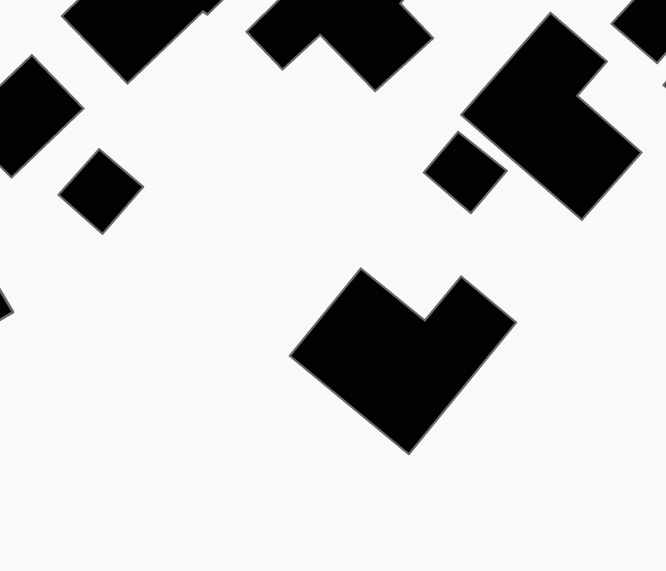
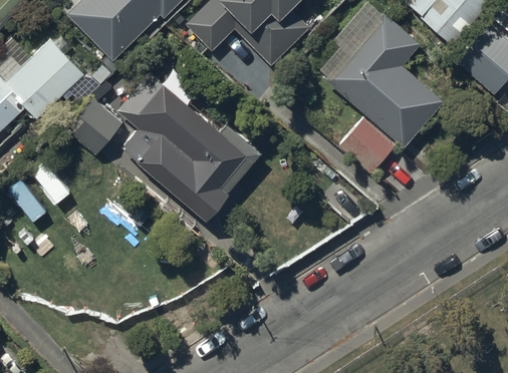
building: none -> [124,87,260,217]
building: [424,132,507,213] -> [341,121,395,173]
building: [290,268,516,454] -> none

